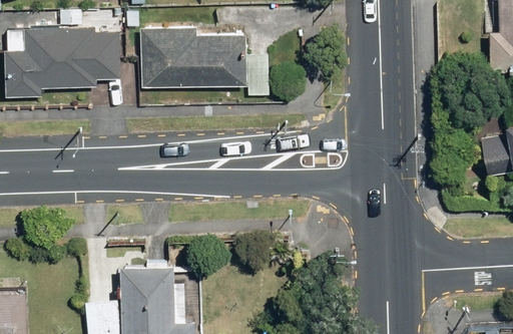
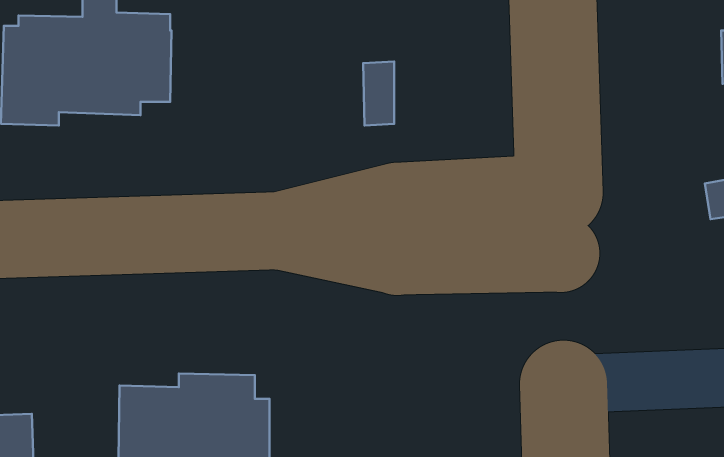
building: [143,28,246,86] -> none

